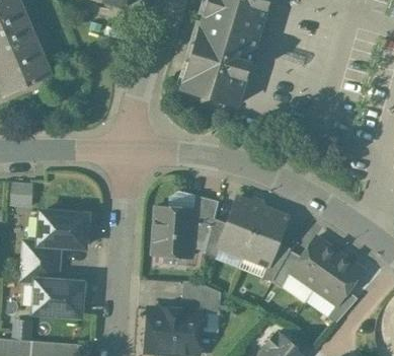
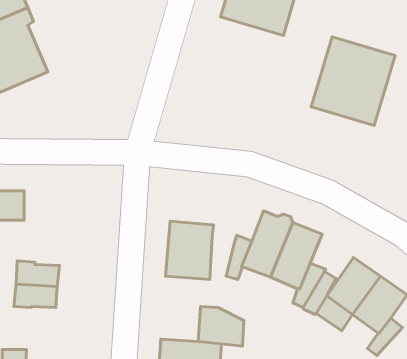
building: [181,29,254,106] -> [311,37,395,125]
building: [192,196,218,225] -> none
building: [38,212,86,247] -> none
building: [33,281,81,315] -> none

